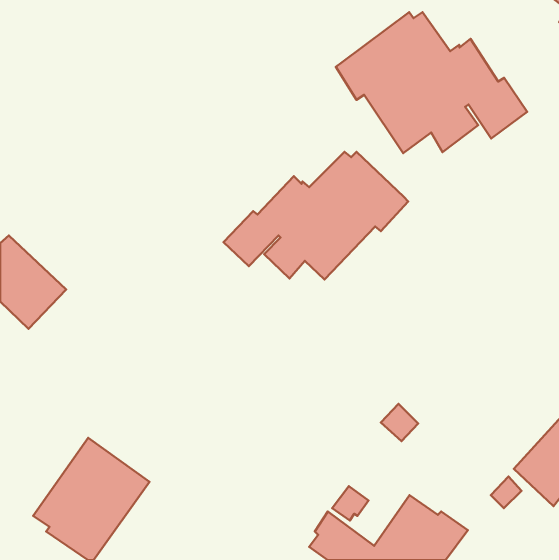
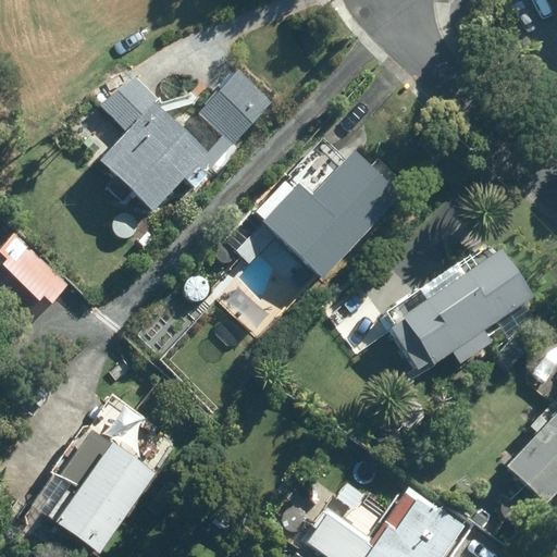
building: [336,12,527,153] -> none
building: none -> [98,66,277,209]
building: none -> [389,249,533,371]

